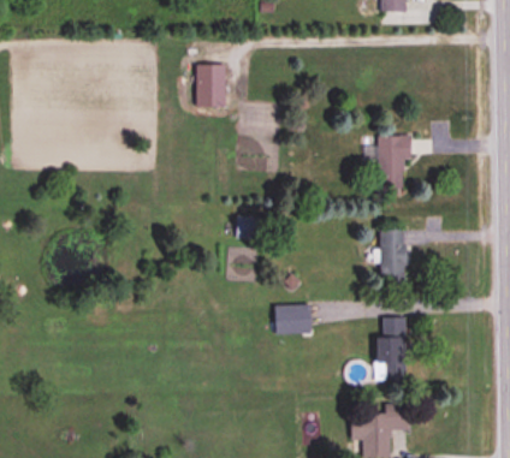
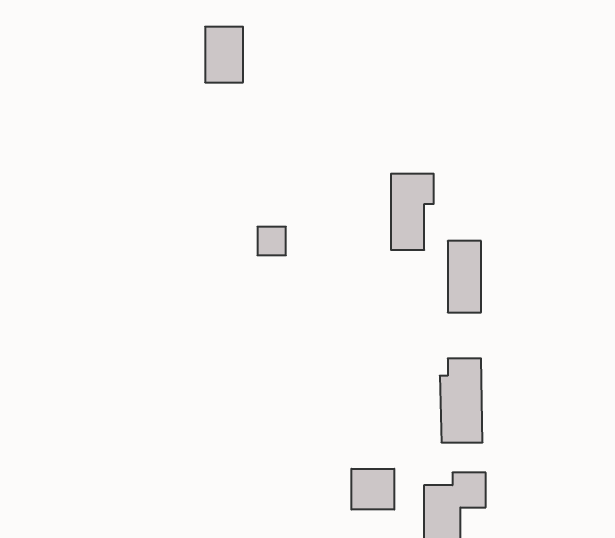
building: [378,136,410,194] -> [391,174,434,250]
building: [274,304,309,333] -> none
building: none -> [351,469,394,510]

